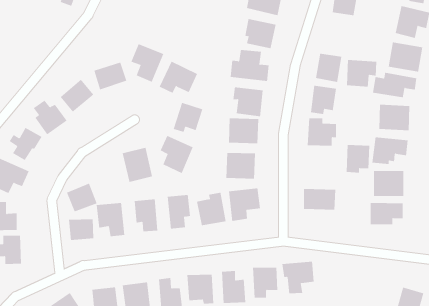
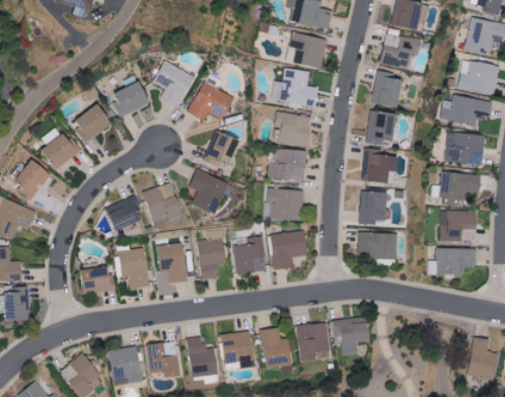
building: [346,60,377,87] -> [382,35,419,68]
building: [346,145,370,173] -> [358,191,386,225]
building: [66,183,97,212] -> [106,195,143,230]

